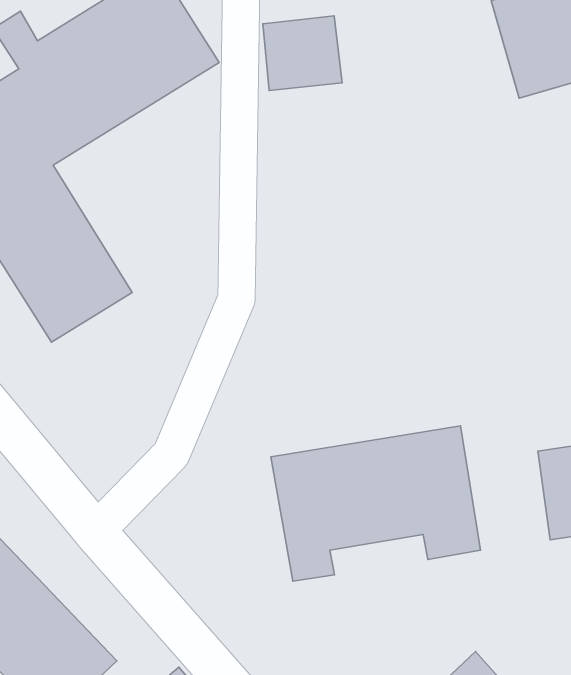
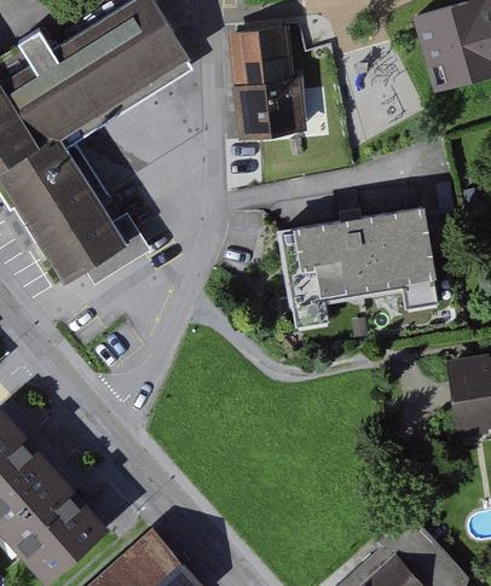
building: none -> [232,79,306,138]
building: [271,426,481,581] -> [273,209,437,330]

